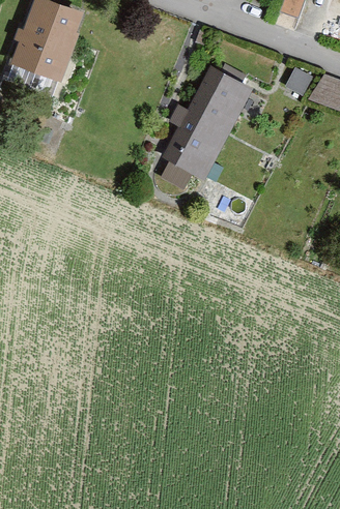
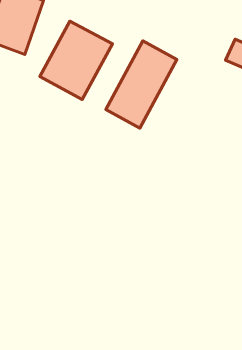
building: none -> [40,21,112,99]

